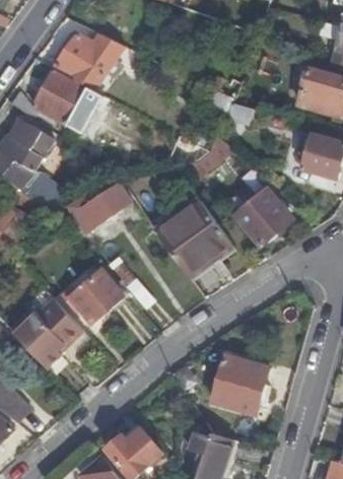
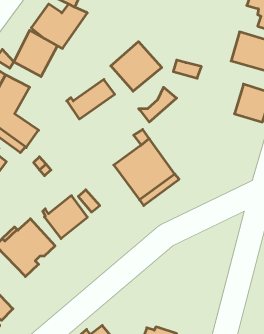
building: none -> [111,42,162,91]
building: [71,184,130,232] -> [67,79,115,119]
building: [234,189,291,246] -> none
building: [212,356,269,413] -> none

